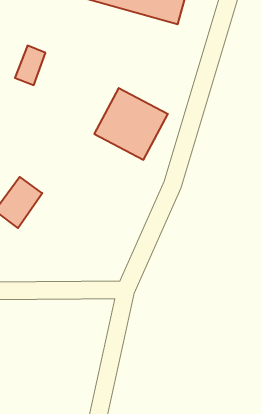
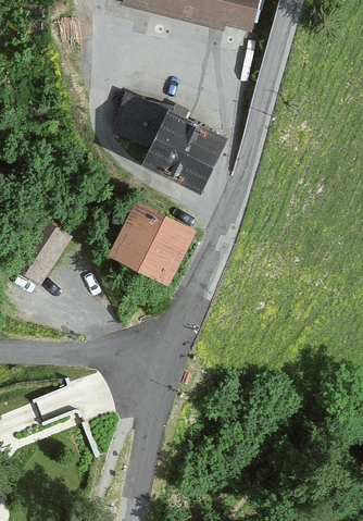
building: [15,46,45,85] -> [117,88,154,136]
building: none -> [112,206,187,282]

